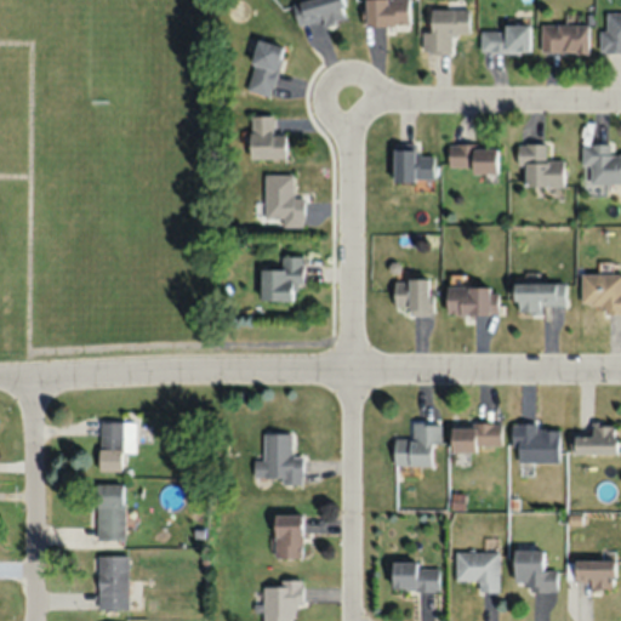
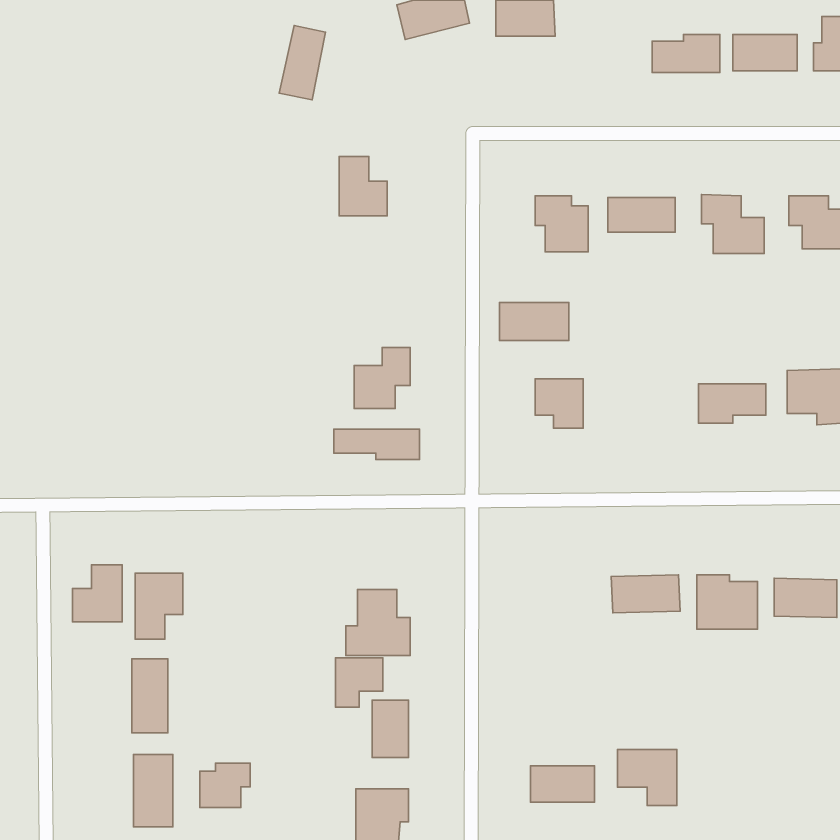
building: [423,10,469,53] -> none
building: [247,42,281,97] -> [279,26,325,100]
building: [266,175,304,227] -> none
building: [448,287,498,315] -> [500,303,569,340]
building: none -> [334,429,420,459]
building: none -> [73,565,122,622]
building: [394,425,441,467] -> none
building: none -> [335,658,383,707]
building: [515,552,558,593] -> none
building: [574,563,615,591] -> none
building: none -> [200,763,250,808]

